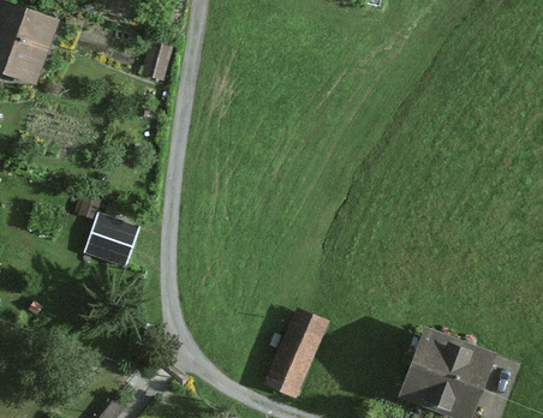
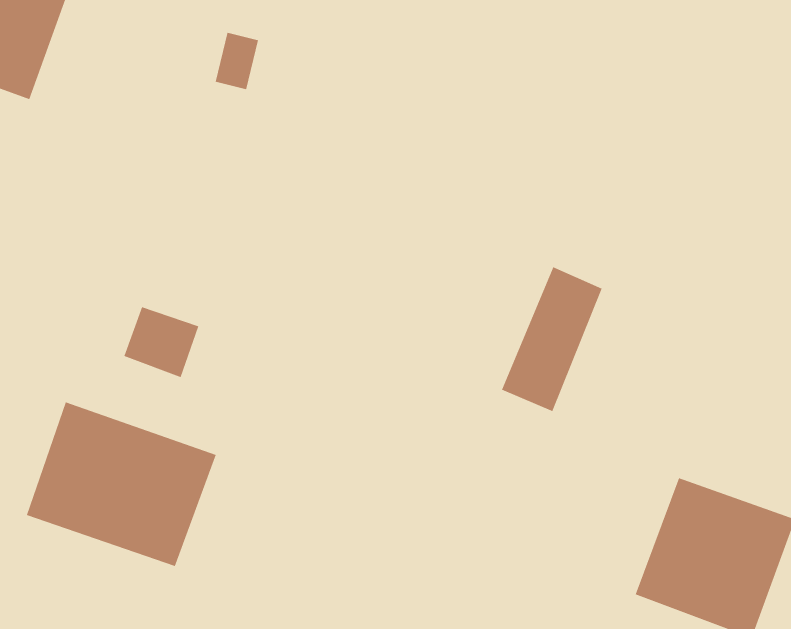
building: none -> [26,402,217,567]
building: [267,305,328,393] -> [501,267,602,412]

